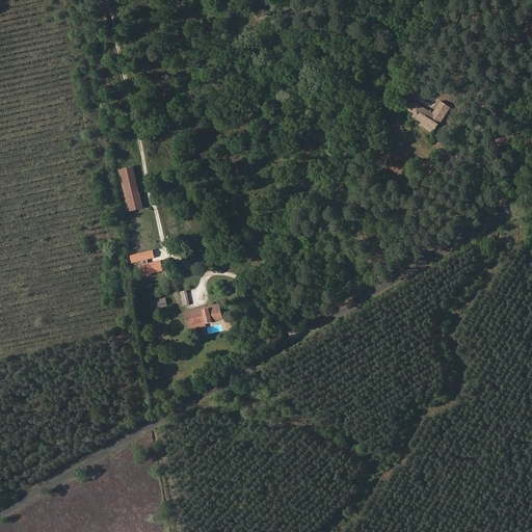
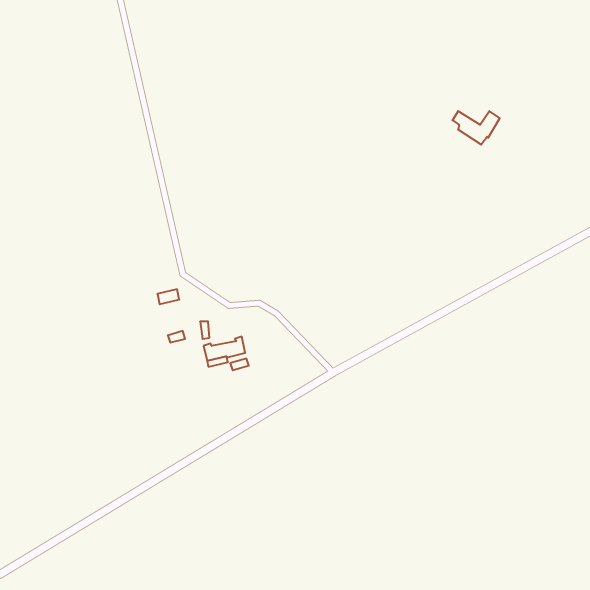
building: [117,166,141,210] -> none

